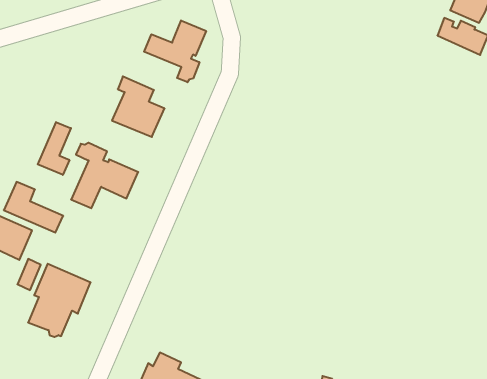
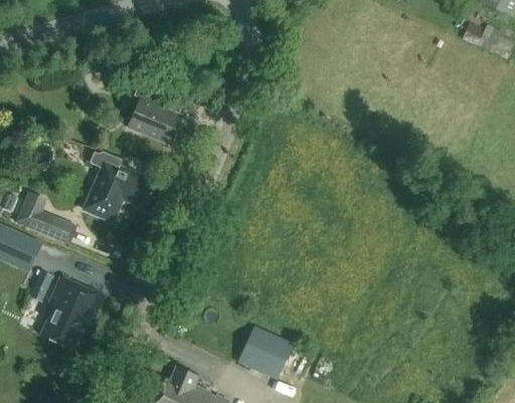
building: [144,20,206,82] -> none
building: [38,122,71,175] -> none
building: none -> [238,325,294,378]

